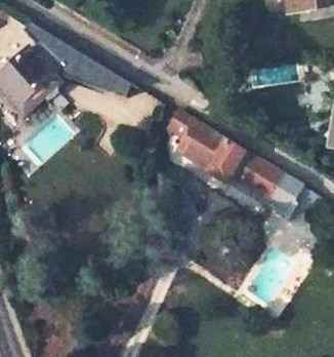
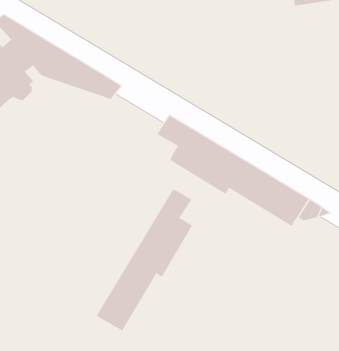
building: none -> [96,189,193,332]

